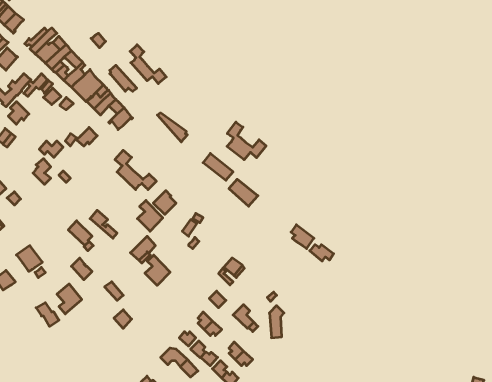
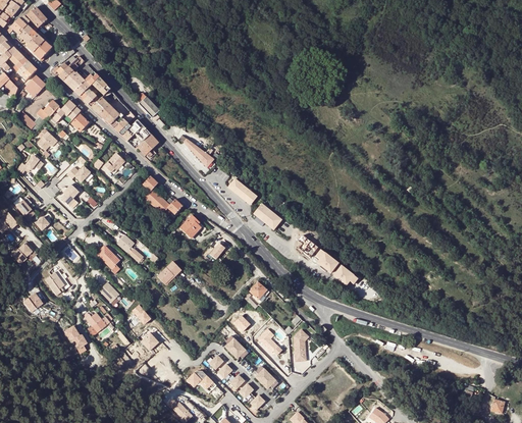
building: [130,45,166,84] -> none
building: [227,122,266,160] -> none
building: [137,200,163,231] -> none
building: [145,255,170,285] -> none

